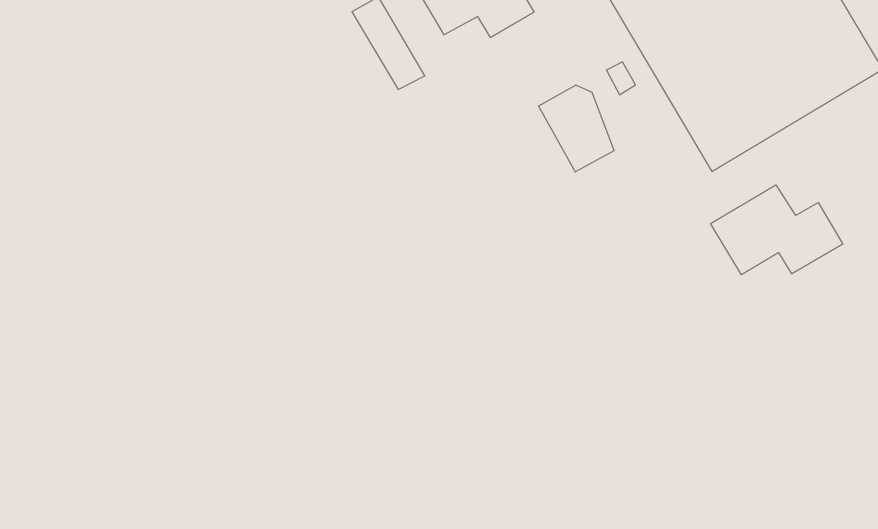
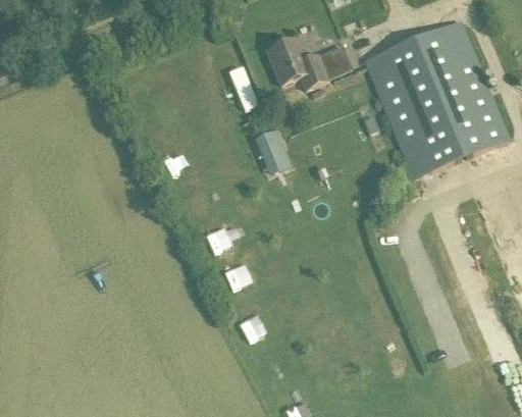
building: [538,85,614,172] -> [255,129,292,175]
building: [710,185,843,275] -> none

